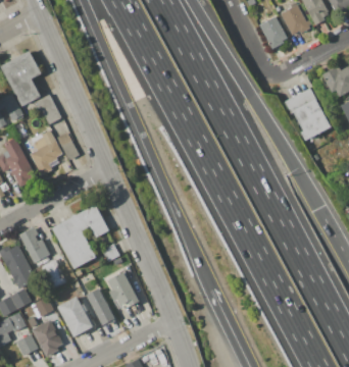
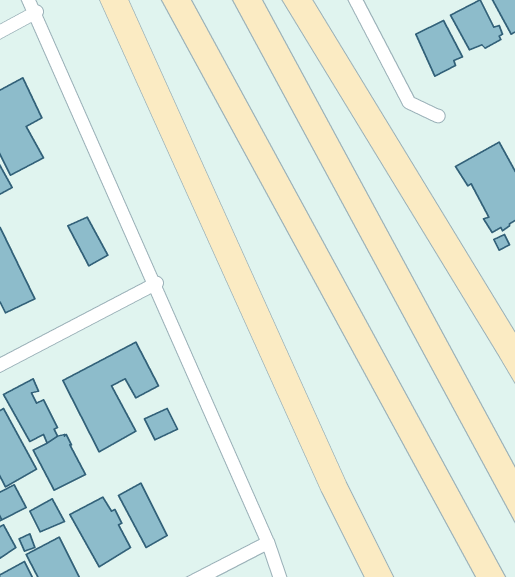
building: [37,95,62,124] -> none
building: [26,129,62,175] -> none
building: [107,271,139,309] -> none

